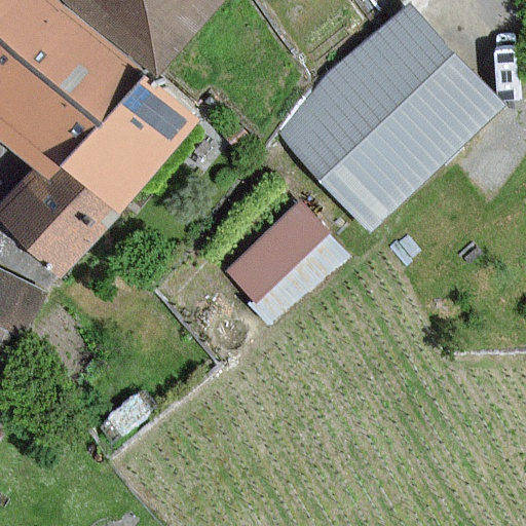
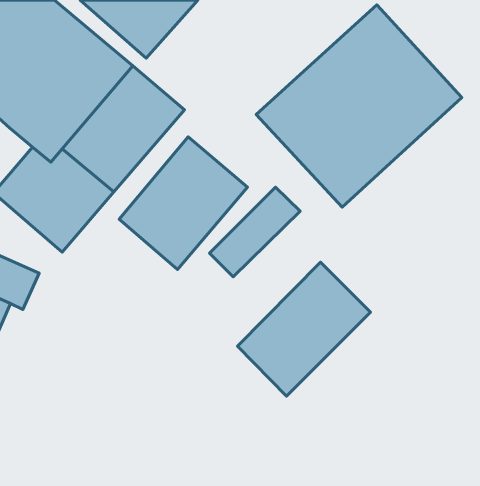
building: none -> [119,137,247,270]
building: none -> [237,262,371,396]

